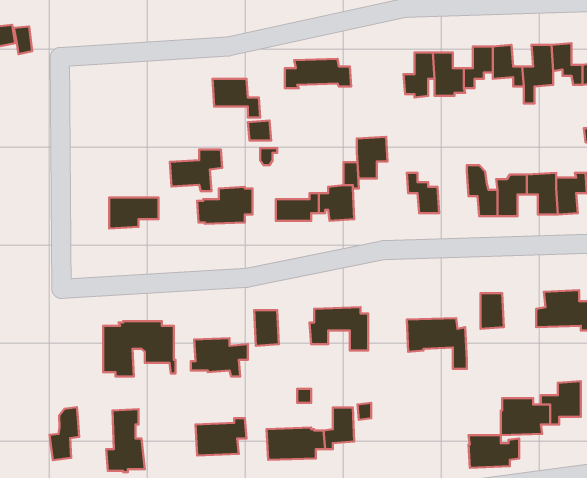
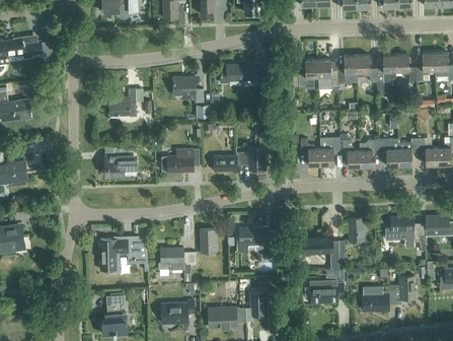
building: [357,137,388,179] -> [320,138,341,165]
building: [170,149,222,191] -> [109,89,144,117]
building: [50,407,79,460] -> none
building: [468,435,519,468] -> [310,281,344,302]

